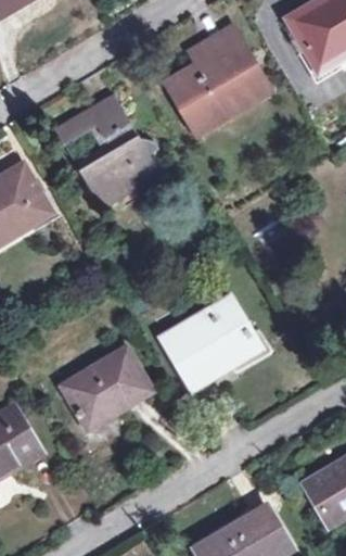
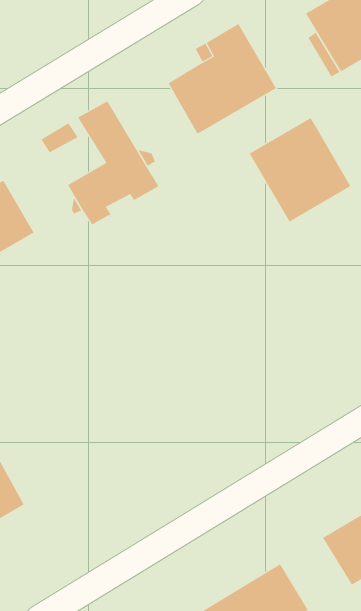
building: none -> [249,117,351,223]
building: [164,298,255,387] -> none
building: [62,348,152,424] -> none

